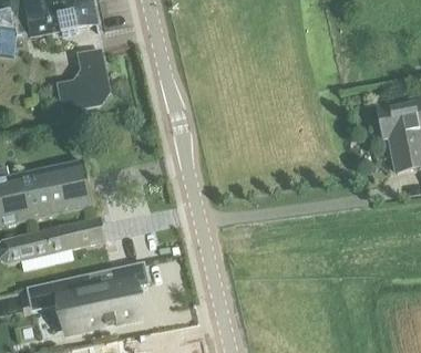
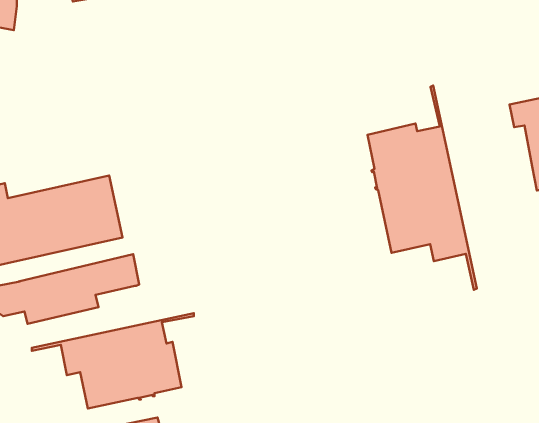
building: [58,50,109,111] -> none
building: none -> [367,85,477,290]

